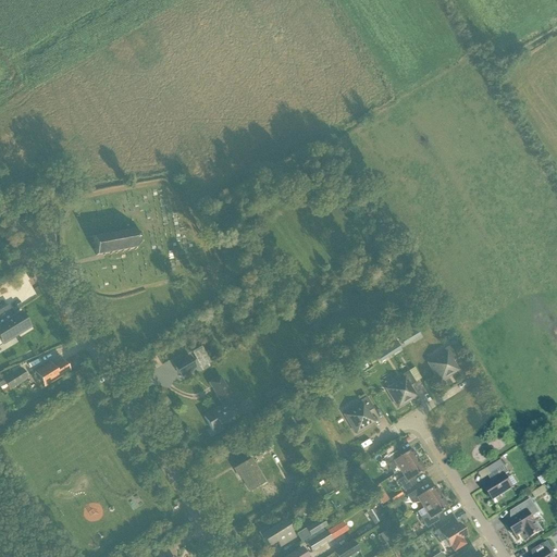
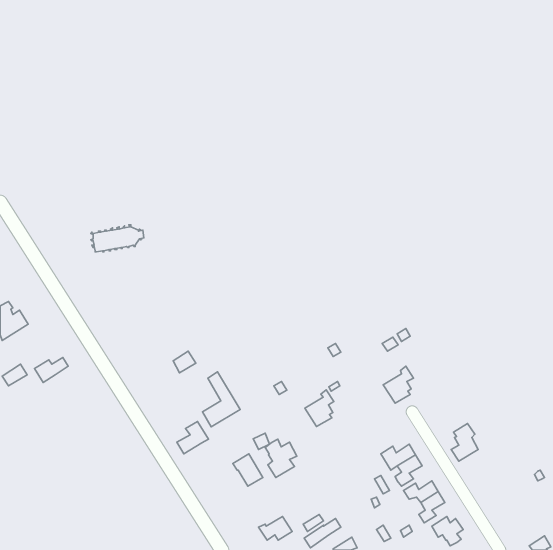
building: [428,344,457,381] -> none
building: [344,395,373,432] -> [305,390,334,426]
building: none -> [177,422,208,454]
building: none -> [265,439,297,478]
building: [484,459,511,497] -> [451,423,478,461]
building: [507,498,540,536] -> none

